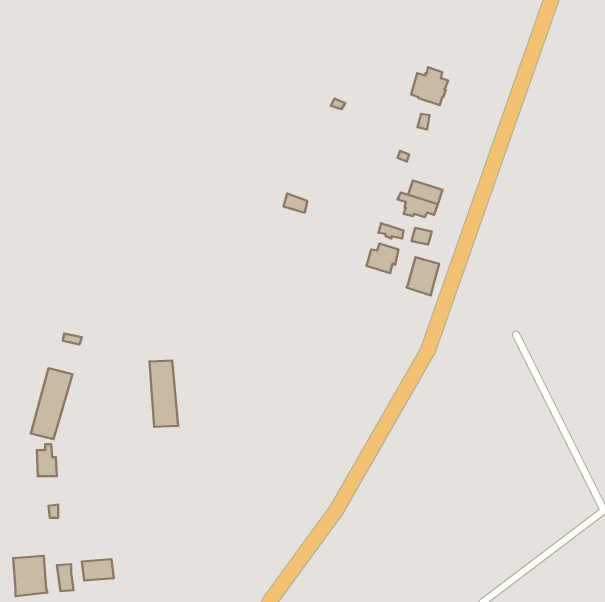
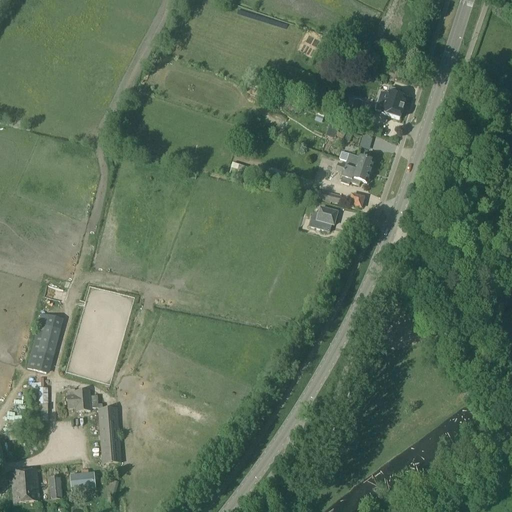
building: [411,67,448,105] -> [376,85,407,117]
building: [406,257,439,295] -> none
building: [150,360,178,427] -> [98,406,122,462]
building: none -> [67,388,92,410]

